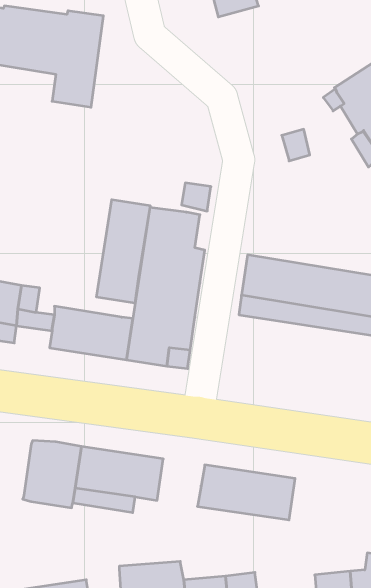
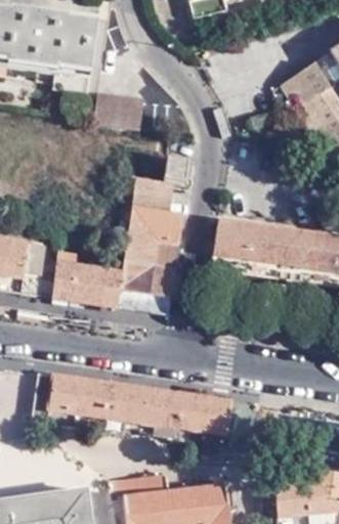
building: none -> [94,90,143,129]
building: [97,200,150,303] -> none
building: none -> [142,387,182,436]

